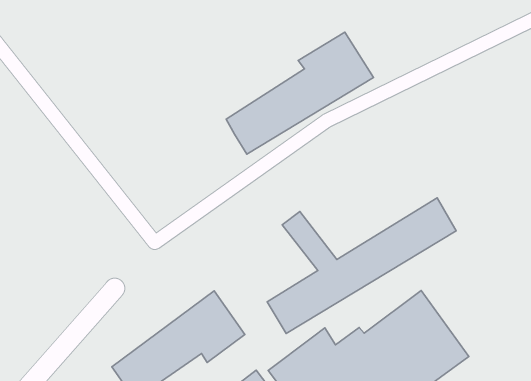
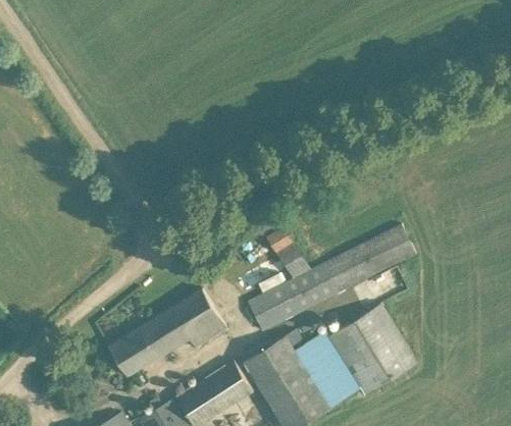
building: [226,32,374,154] -> none

